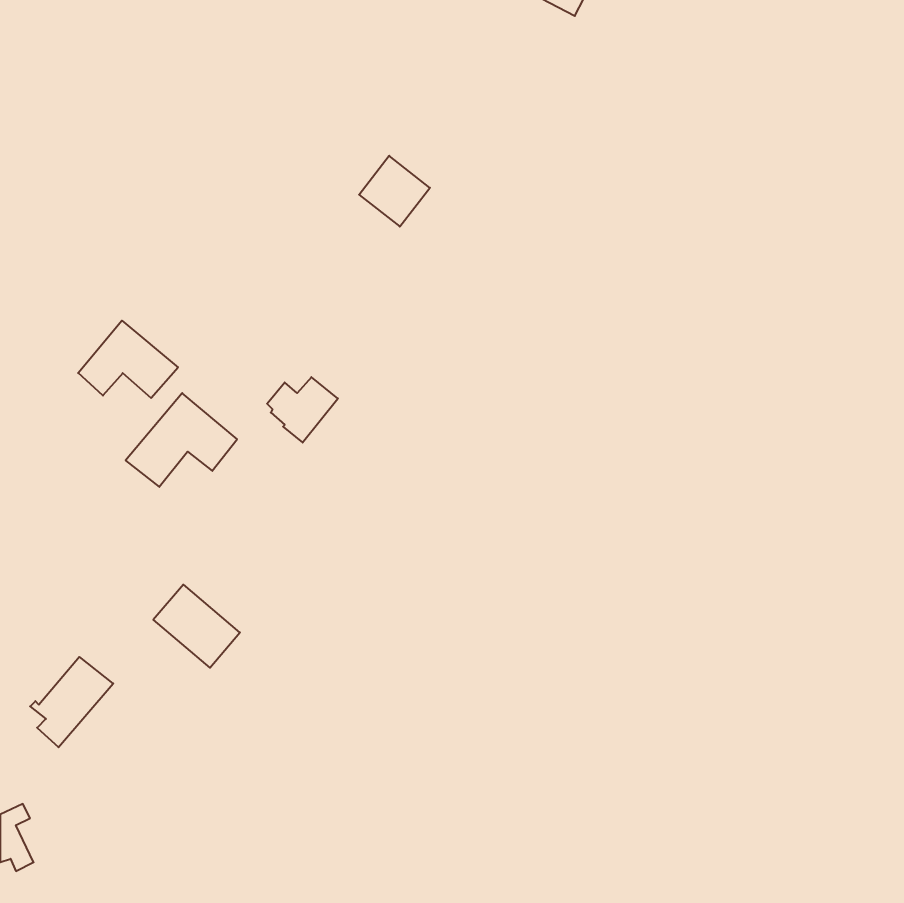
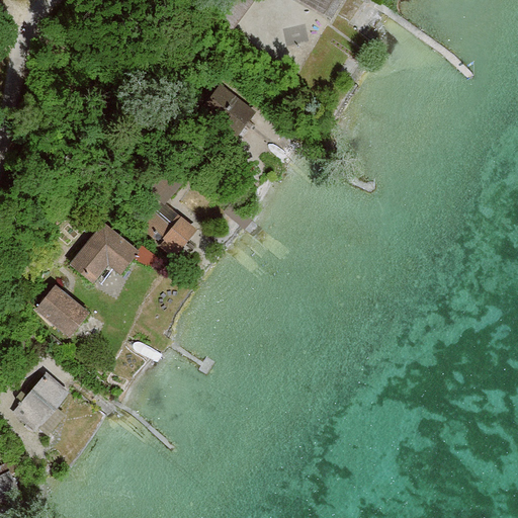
building: [78,321,178,398] -> none
building: [153,585,240,668] -> [37,285,87,333]

